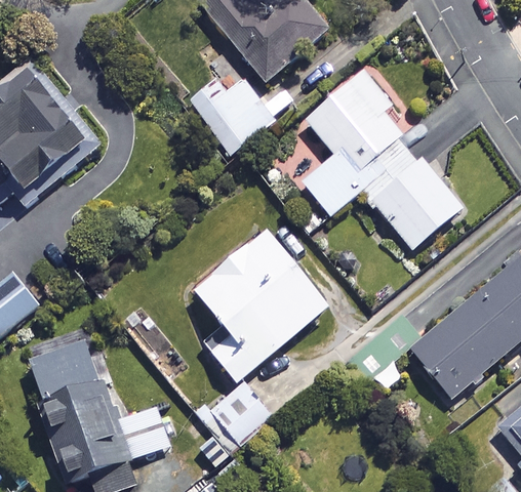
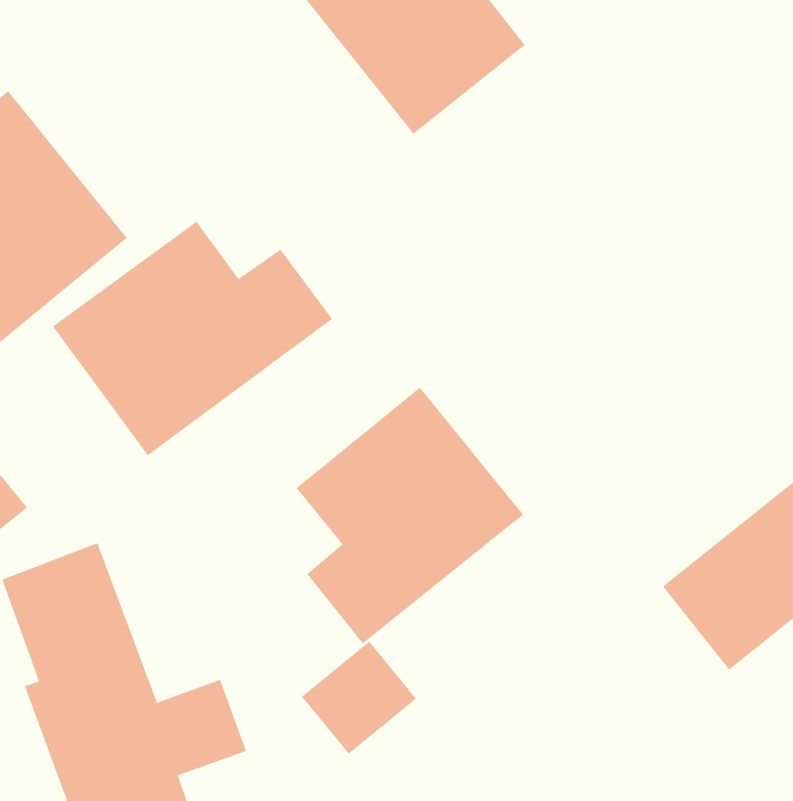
building: [189,67,275,155] -> none
building: [302,72,463,249] -> none
building: none -> [52,221,333,456]

